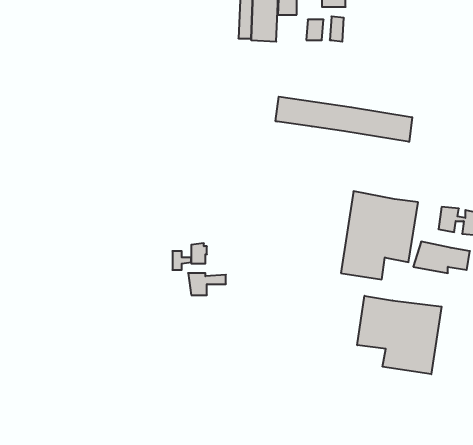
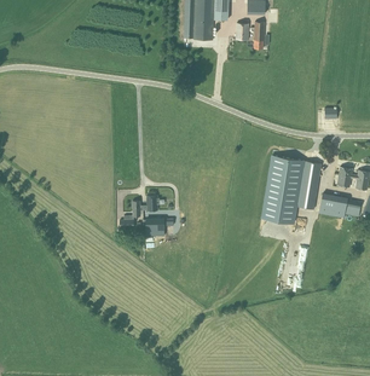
building: [276,97,412,142] -> none
building: [357,296,442,374] -> none

